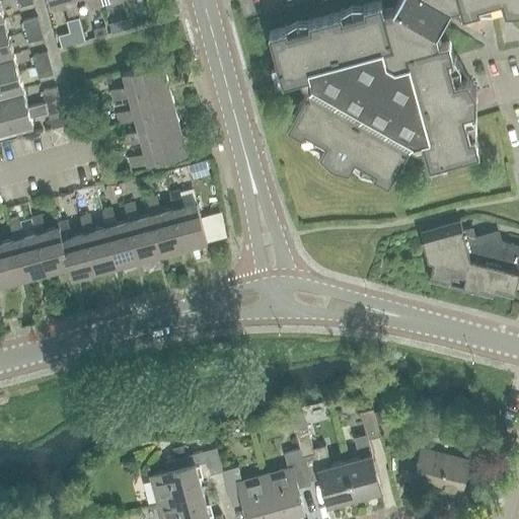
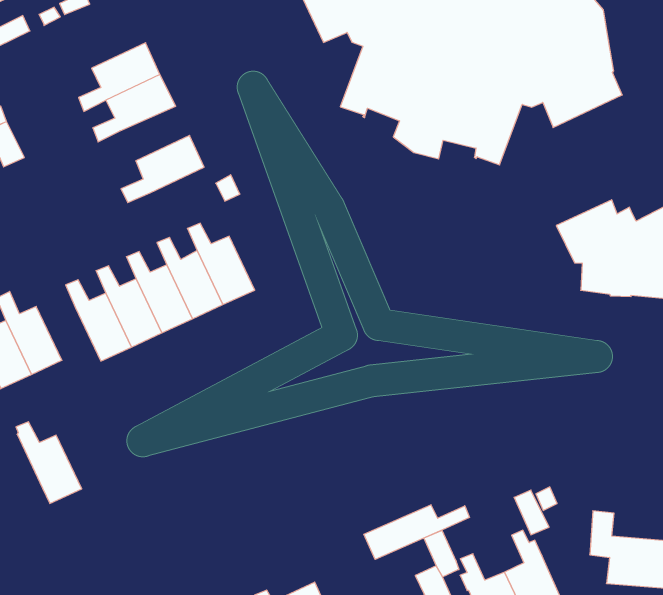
building: [123,109,181,147] -> none
building: [58,222,95,280] -> [16,422,82,503]
building: none -> [364,505,470,559]

